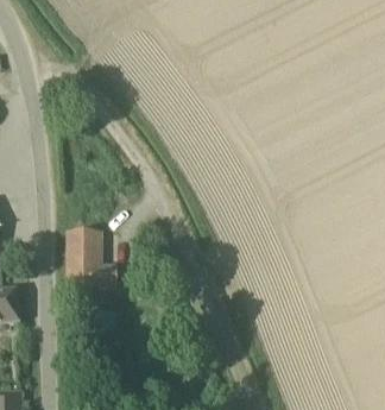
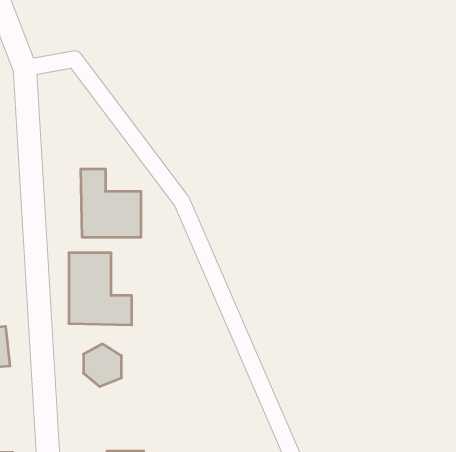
building: none -> [81,169,141,237]

